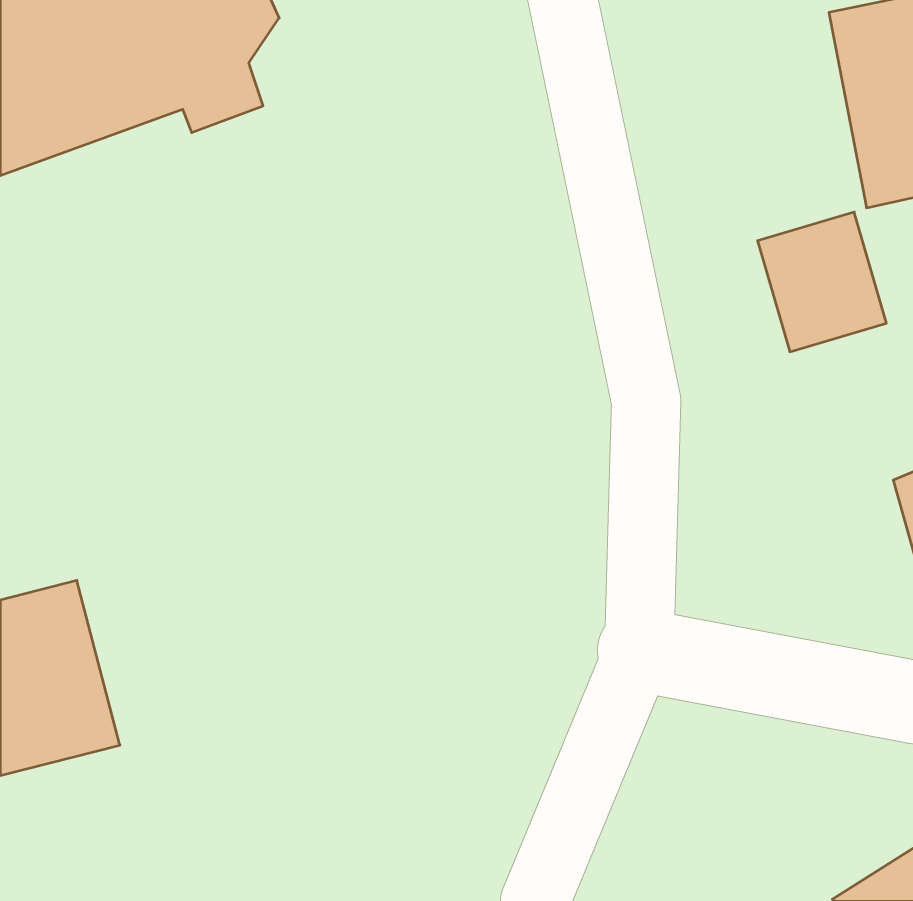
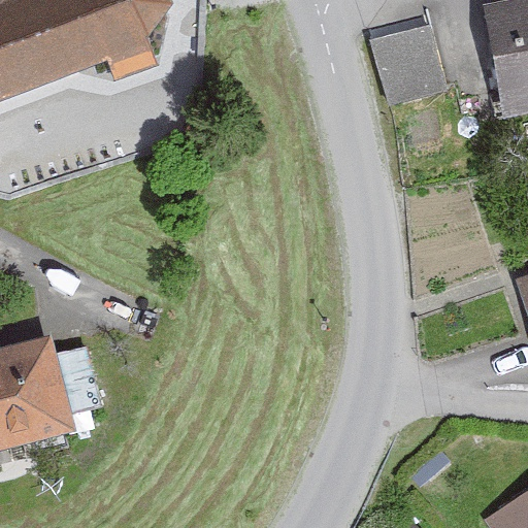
building: [758,212,886,352] -> [372,24,447,104]

